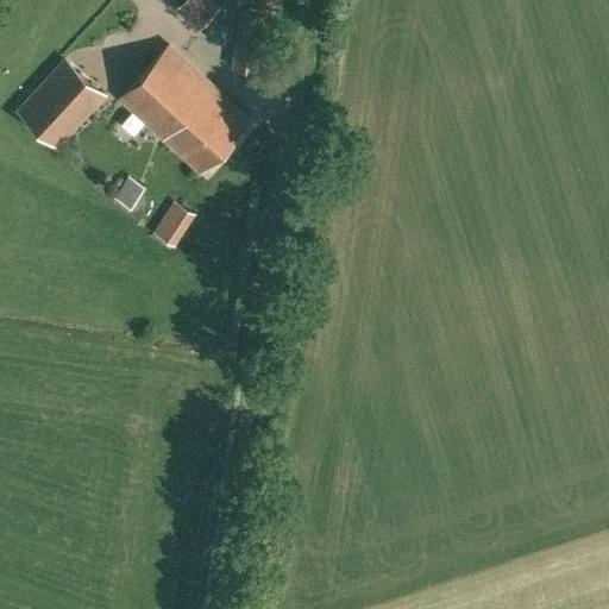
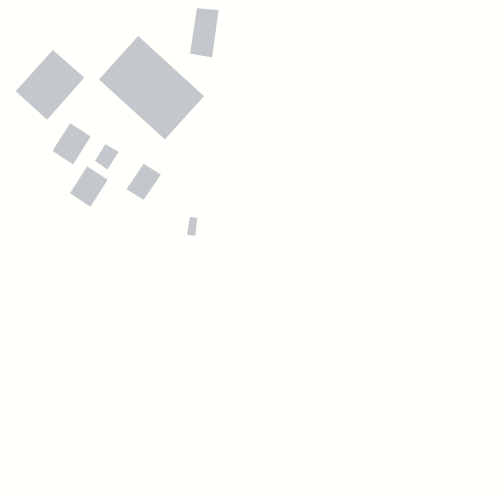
building: none -> [52,122,91,165]
building: none -> [69,165,109,208]

